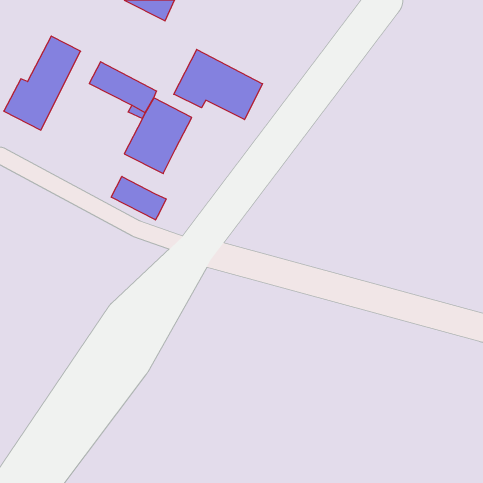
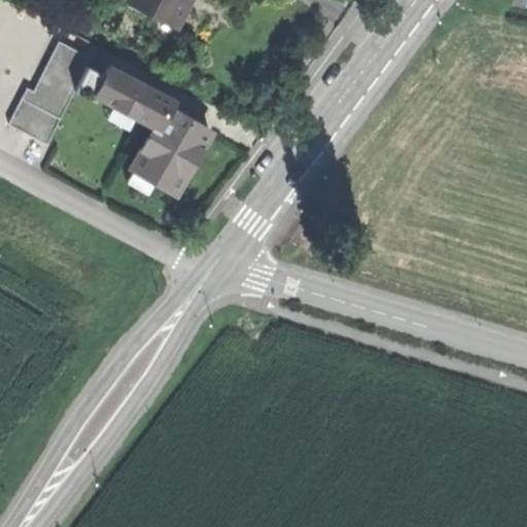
building: [174,49,263,120] -> none
building: [111,176,166,220] -> none

